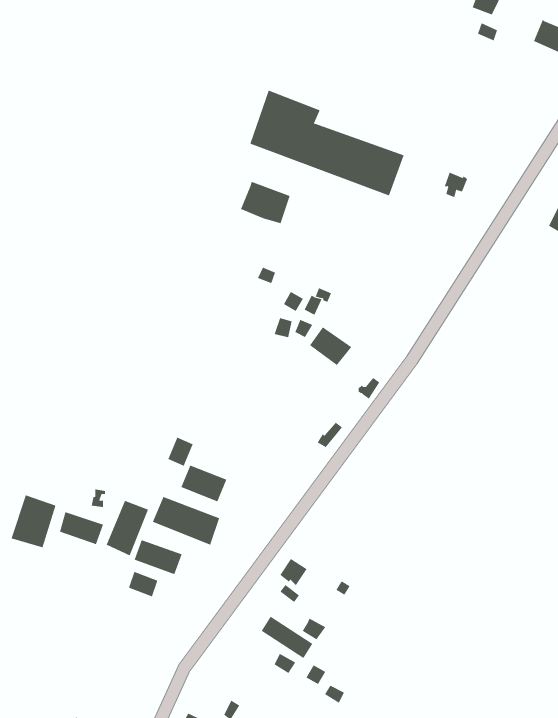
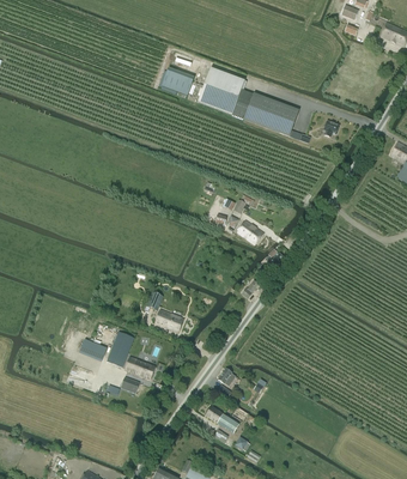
building: [240,181,290,224] -> [162,68,194,96]
building: [11,495,56,548] -> none
building: [152,496,220,546] -> none

